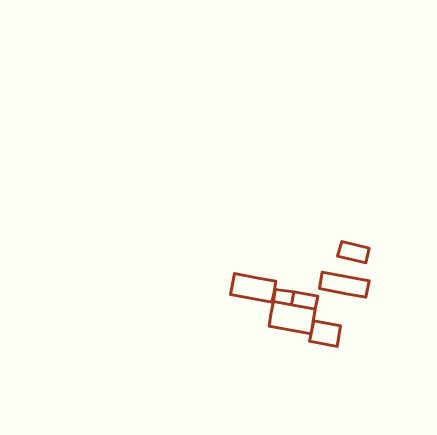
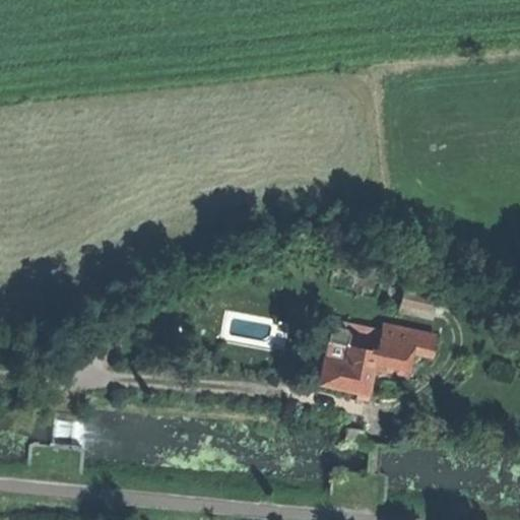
building: [231,274,276,302] -> none
building: [310,321,340,346] -> [375,342,411,373]

